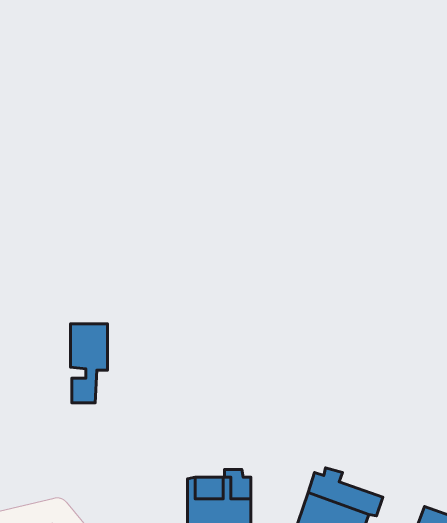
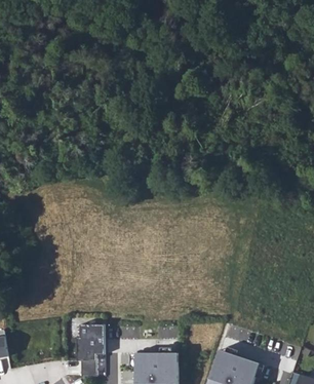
building: [70,324,108,403] -> [80,323,105,376]

